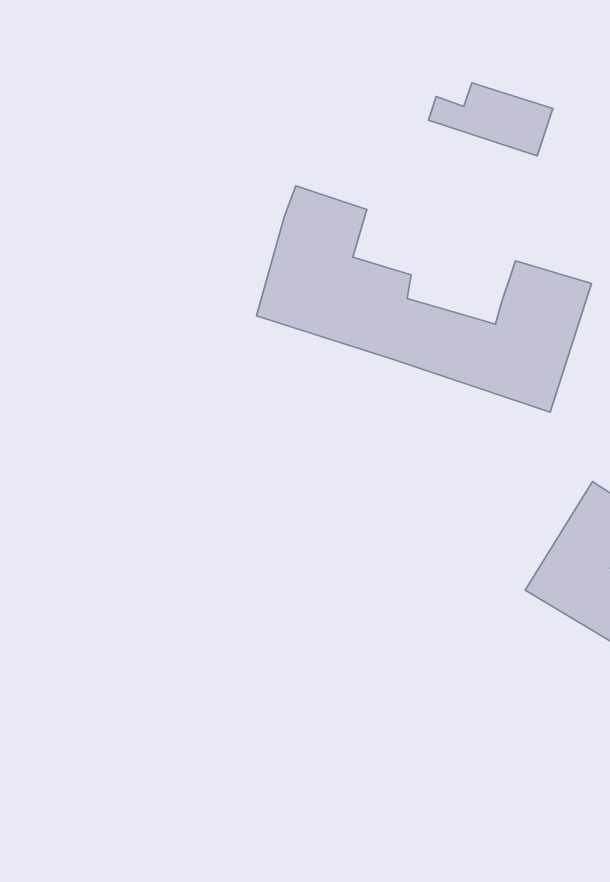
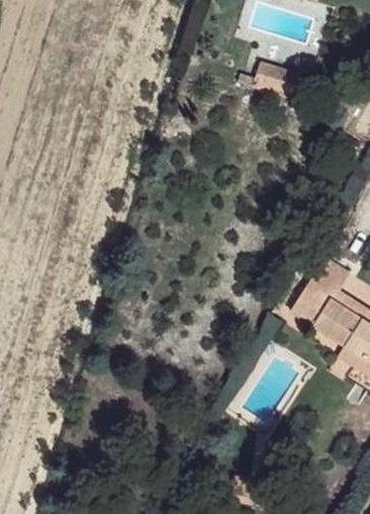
building: [256,186,592,412] -> none

